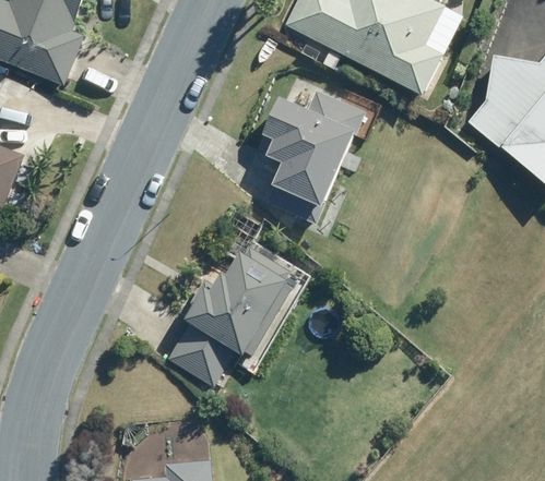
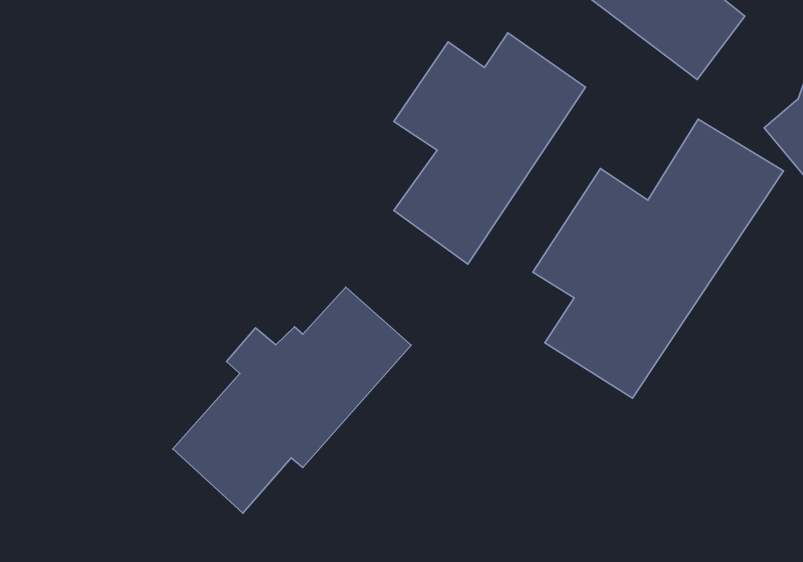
building: none -> [533,119,784,398]

